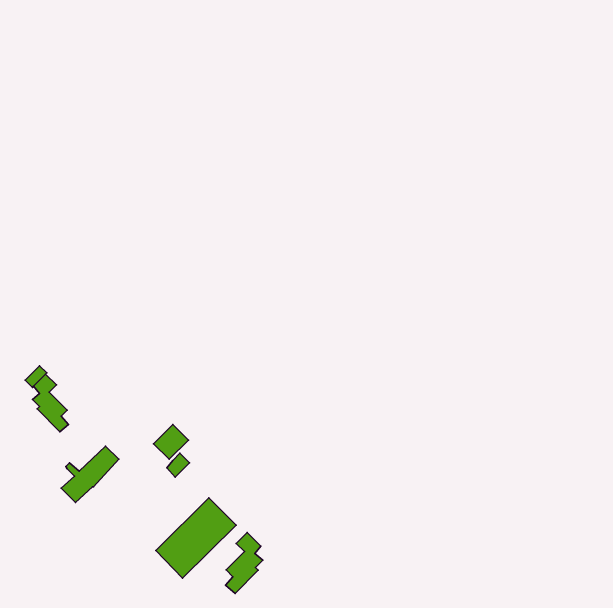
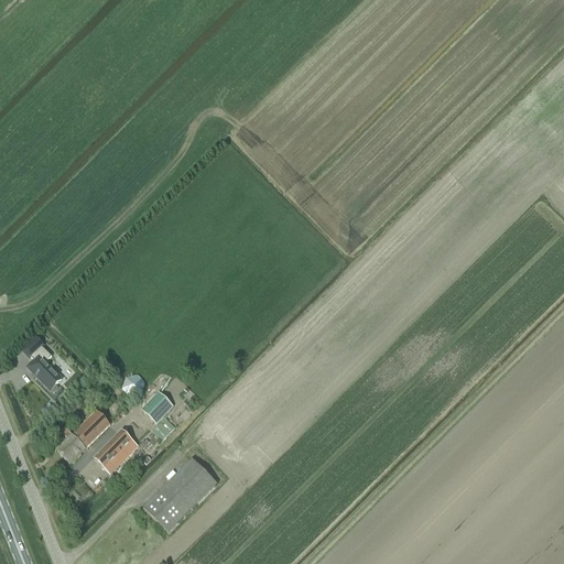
building: none -> [94,429,138,471]
building: [226,532,263,594] -> none

